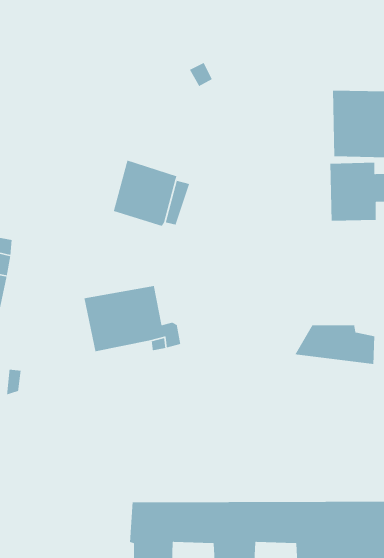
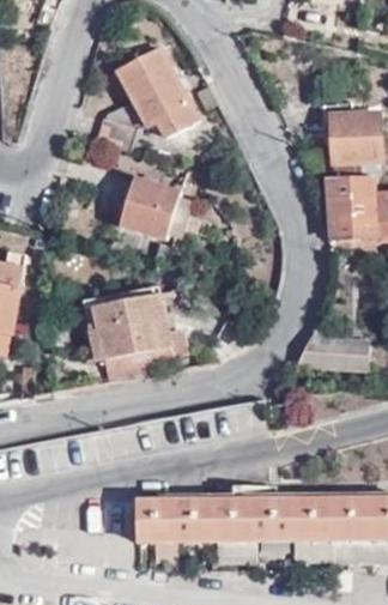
building: none -> [91,44,193,147]

